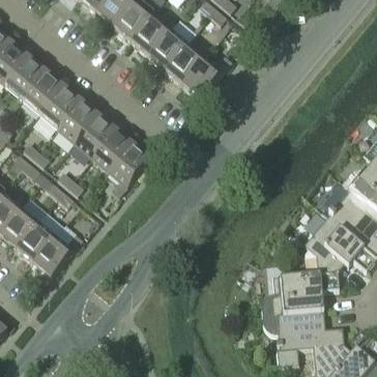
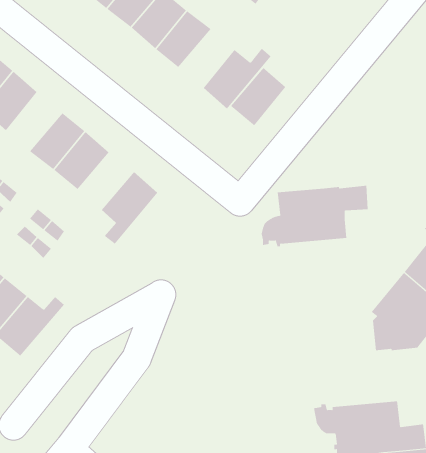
building: [165,40,205,83] -> [230,67,286,126]
building: [40,86,81,128] -> none
building: [92,129,133,171] -> none
building: [261,270,339,315] -> [261,185,369,247]

